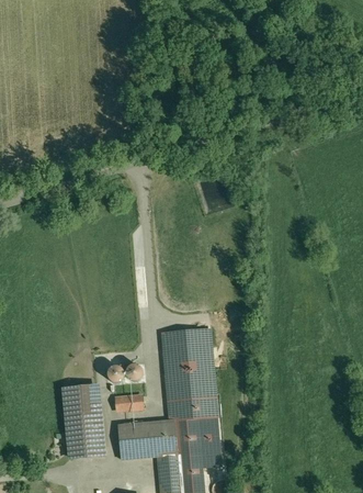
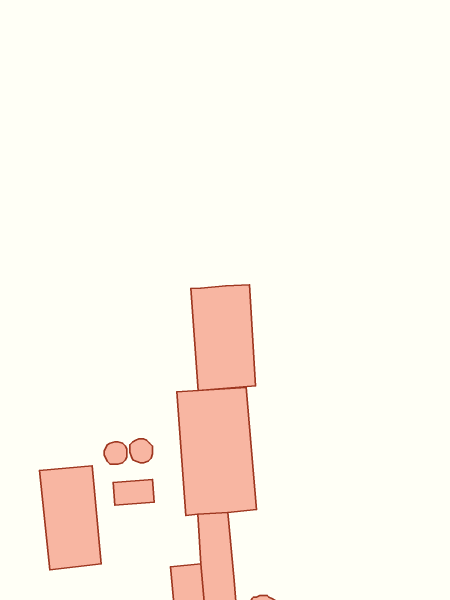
building: none -> [191,285,256,390]
building: [197,415,222,467] -> none
building: [118,418,178,459] -> none

